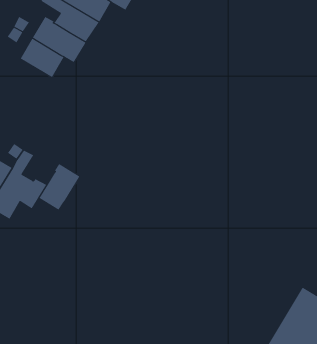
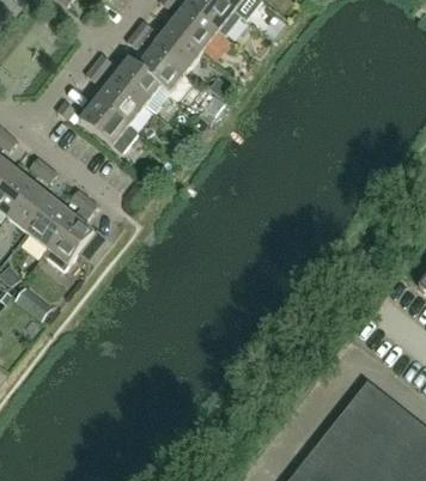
building: none -> [80,97,139,151]
building: [39,163,80,210] -> none

